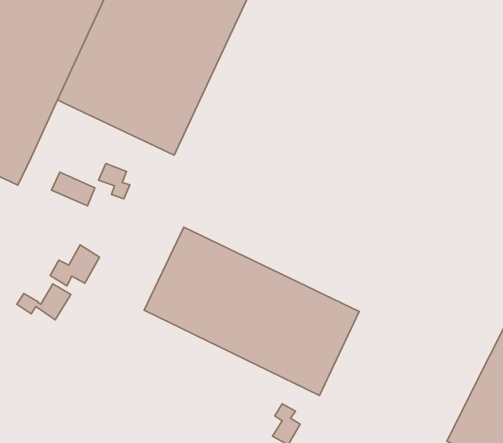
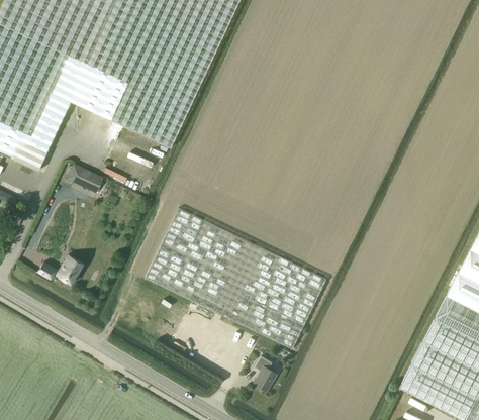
building: [99,163,130,199] -> none
building: [50,245,100,286] -> none

